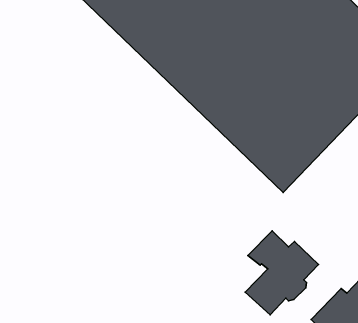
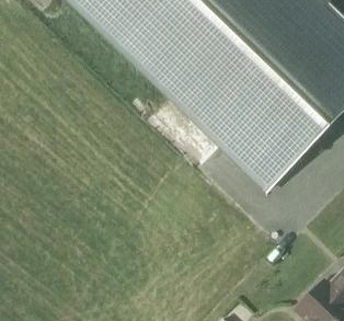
building: [245,231,318,315] -> none

